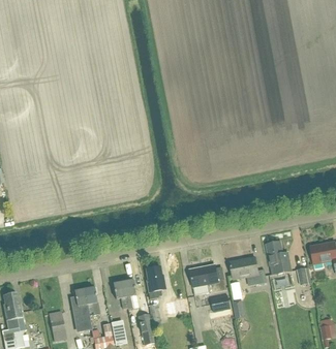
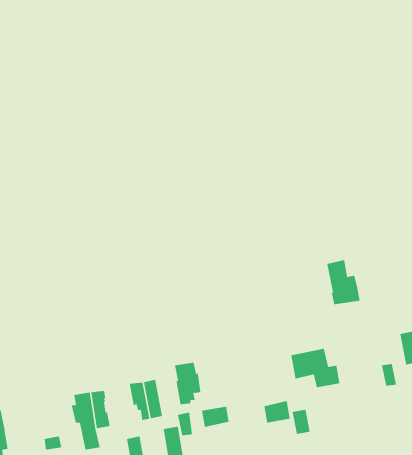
building: [266,241,291,274] -> [327,260,361,305]
building: [189,264,225,292] -> none

